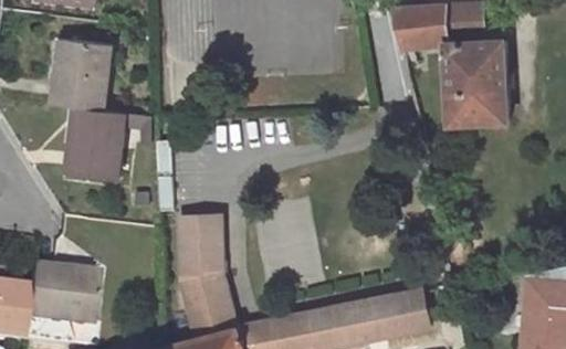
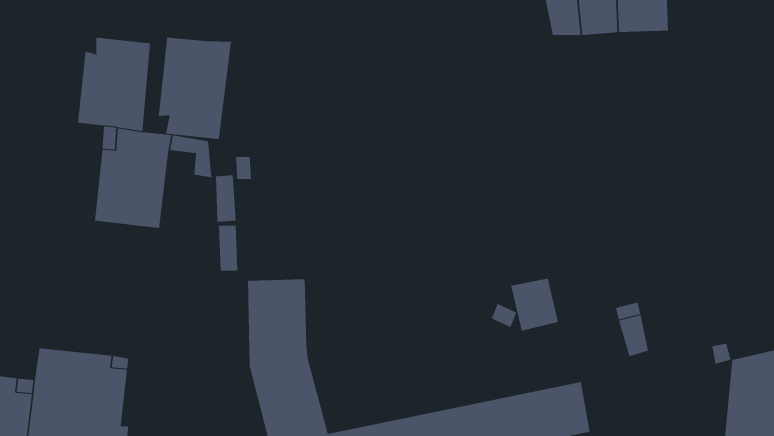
building: none -> [158,37,231,140]
building: [448,41,511,124] -> none
building: none -> [511,278,559,331]

